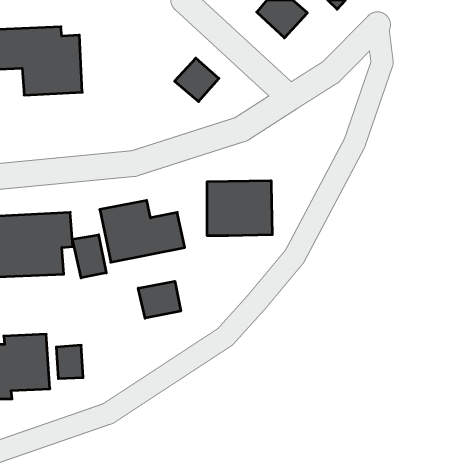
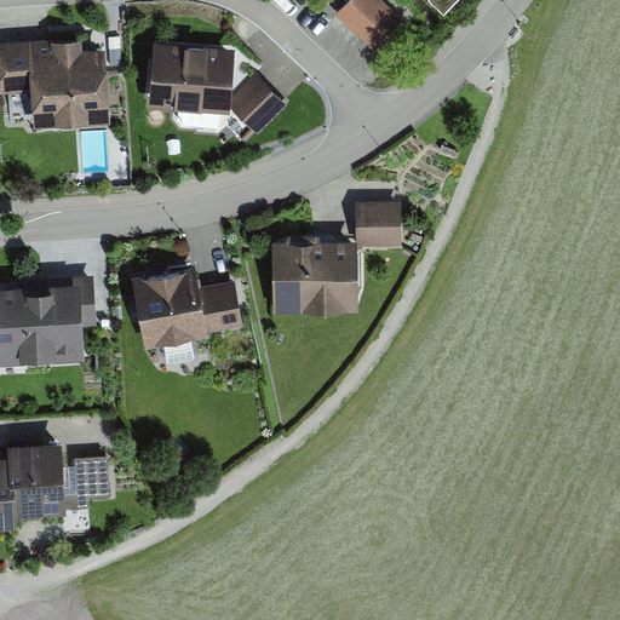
building: none -> [144,44,231,115]
building: none -> [355,202,400,247]
building: [73,235,106,278] -> none
building: [138,281,181,318] -> none

